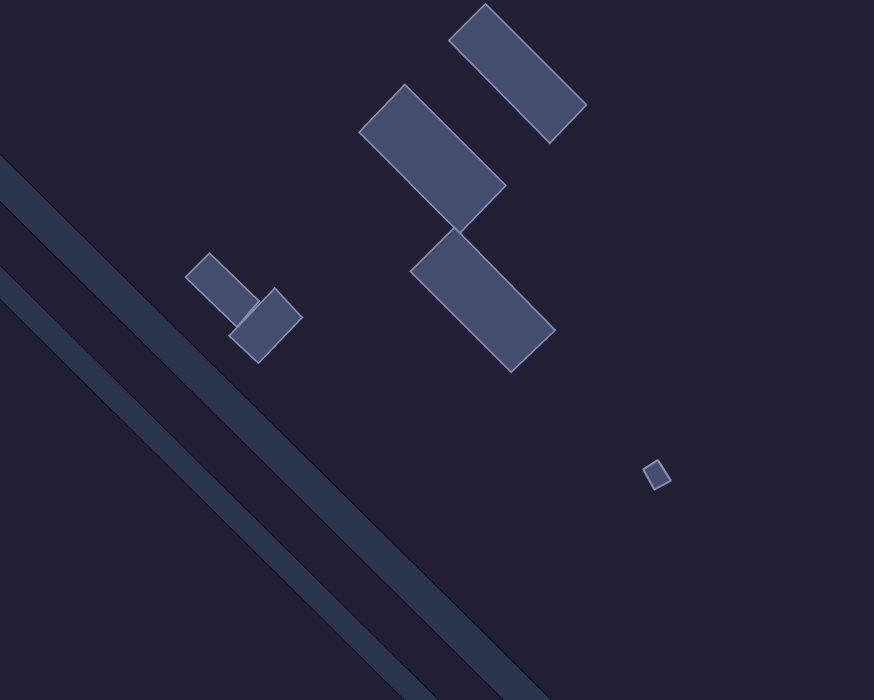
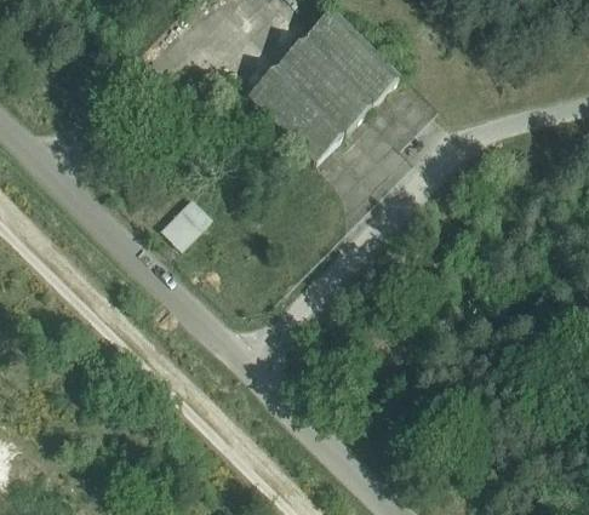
building: [410,227,555,372] -> [276,39,372,135]
building: [186,253,259,327] -> none

